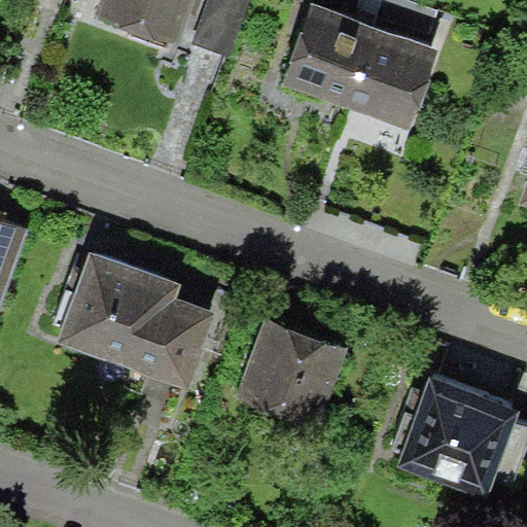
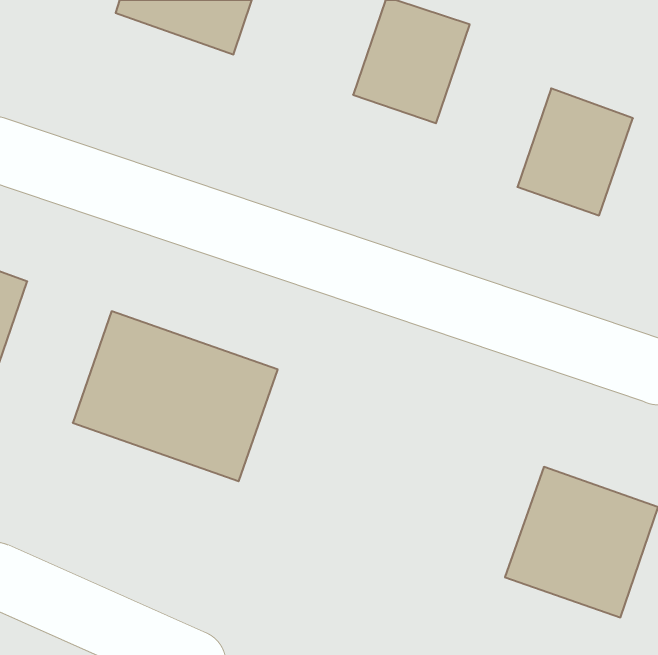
building: [346,26,437,127] -> [517,88,633,215]
building: [239,320,347,417] -> none

